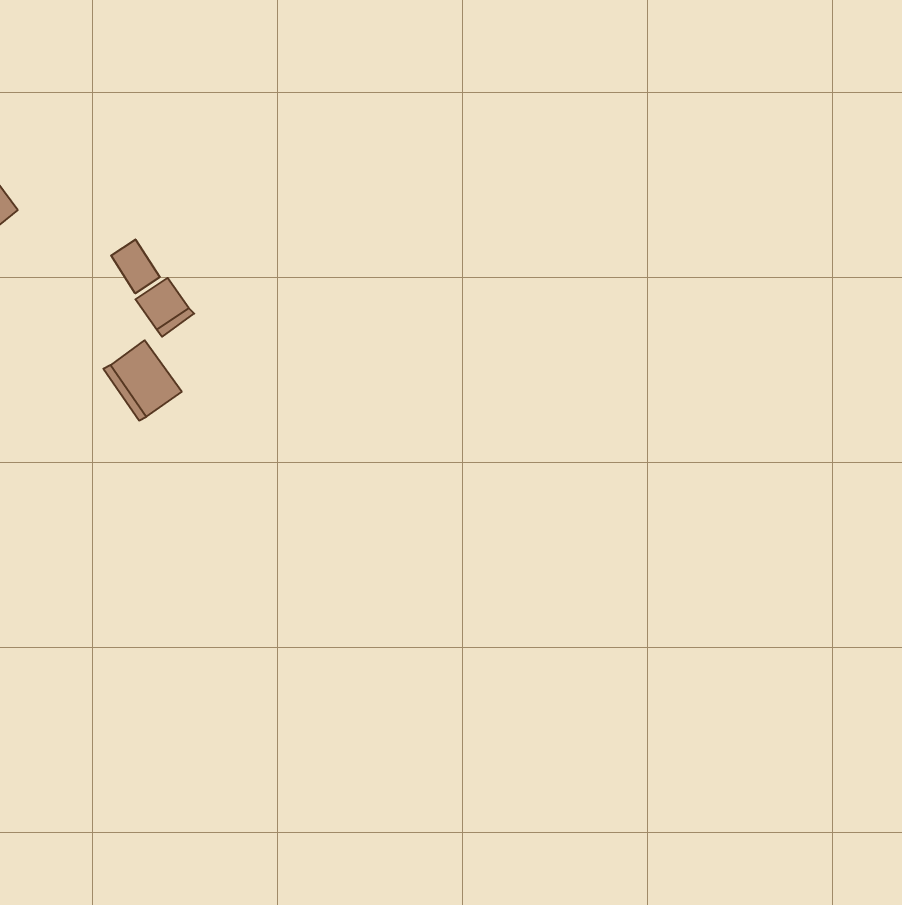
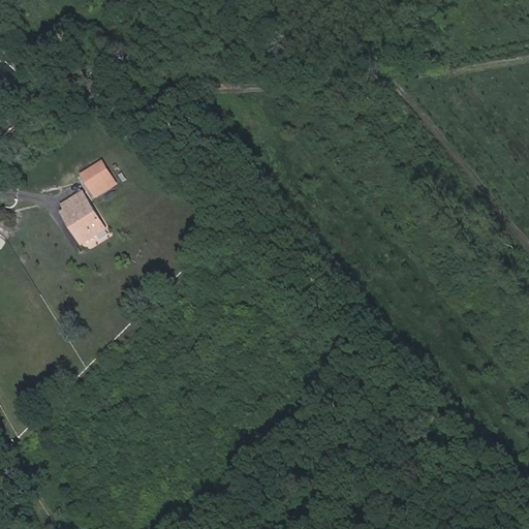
building: [111,239,160,293] -> none

